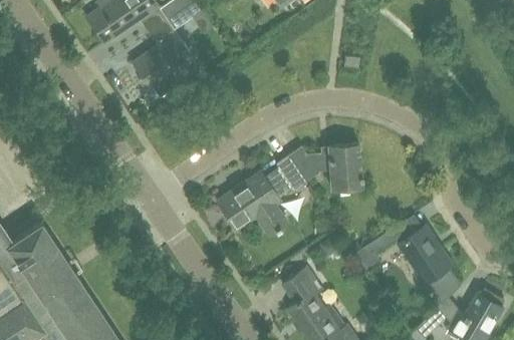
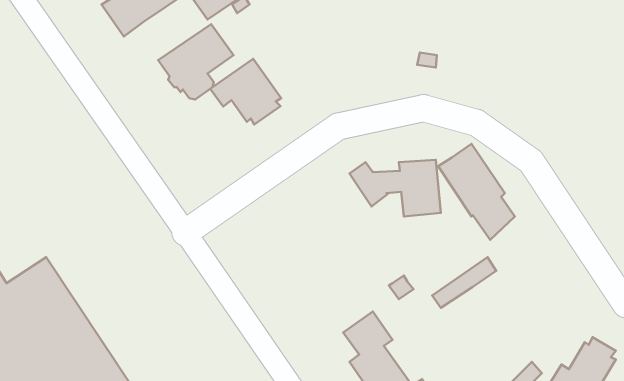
building: none -> [210,59,281,125]
building: [216,155,306,237] -> none
building: [400,226,462,304] -> [438,144,515,240]

